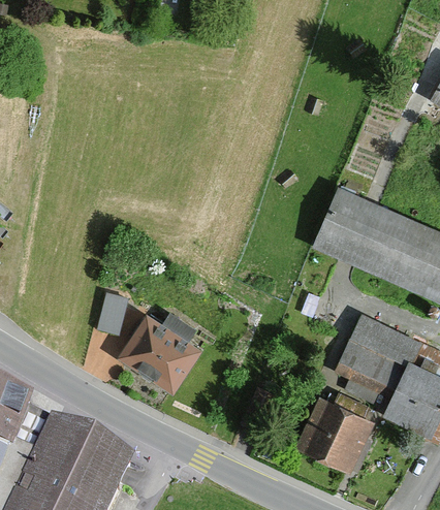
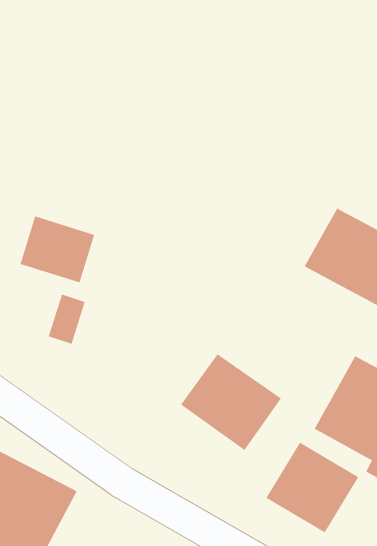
building: none -> [20,215,95,283]
building: [115,314,202,396] -> [180,353,282,451]

